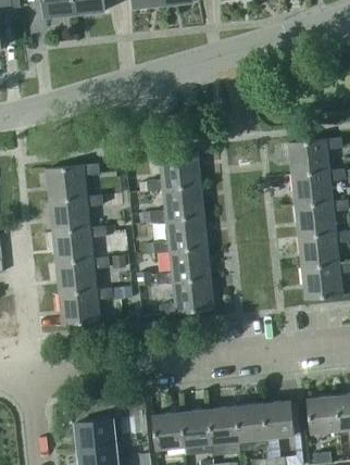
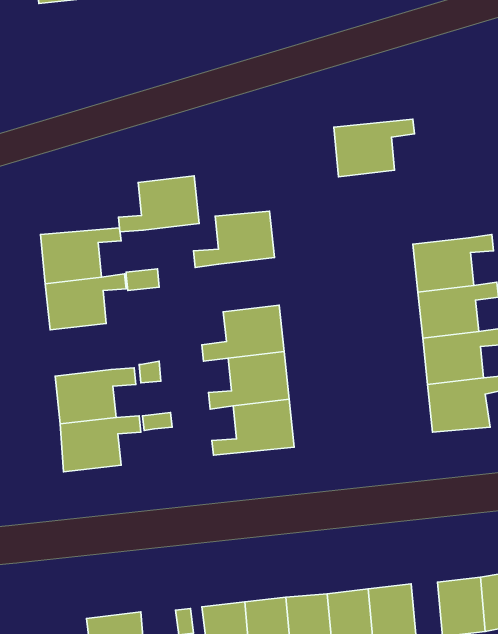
building: [288,138,341,176] -> [334,119,414,177]
building: [150,185,203,222] -> [118,176,199,232]
building: [52,227,108,263] -> none

